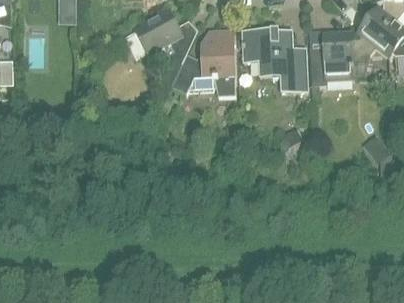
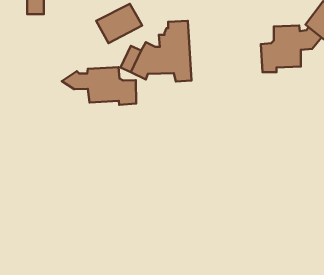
building: [242,27,308,91] -> none
building: none -> [62,67,136,105]

